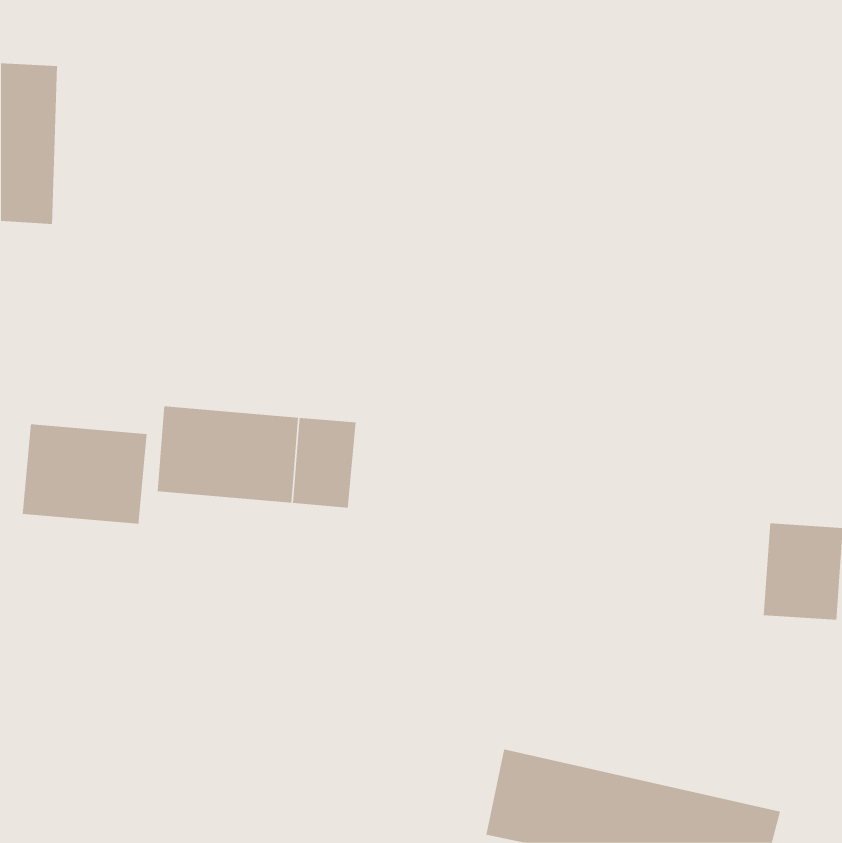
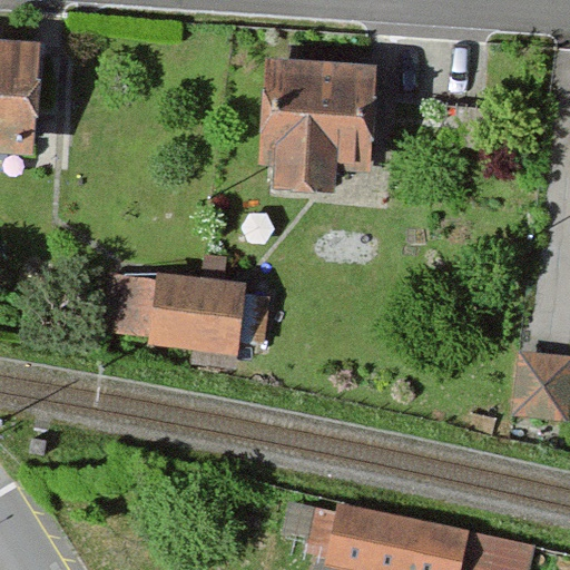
building: none -> [265,61,373,190]
building: [22,424,147,525] -> none

